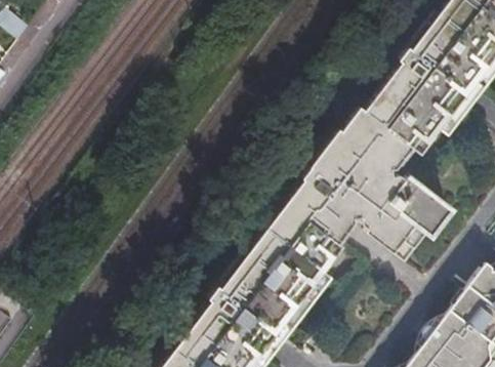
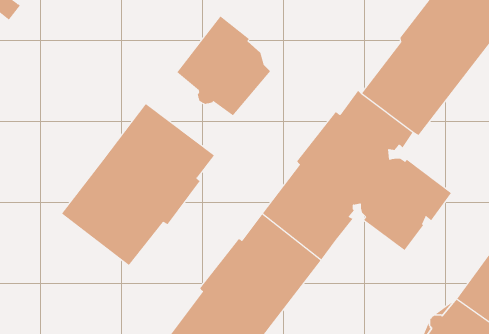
building: none -> [176,16,271,116]
building: none -> [61,103,215,266]

